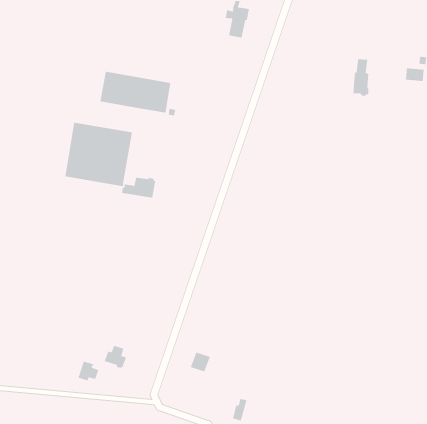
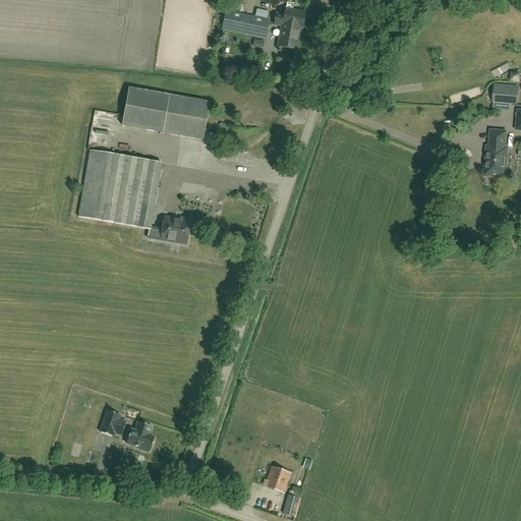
building: none -> [222,8,270,37]
building: [352,58,369,97] -> [485,129,506,176]
building: [190,352,211,372] -> [265,465,290,490]
building: [77,360,99,381] -> [100,409,126,435]

